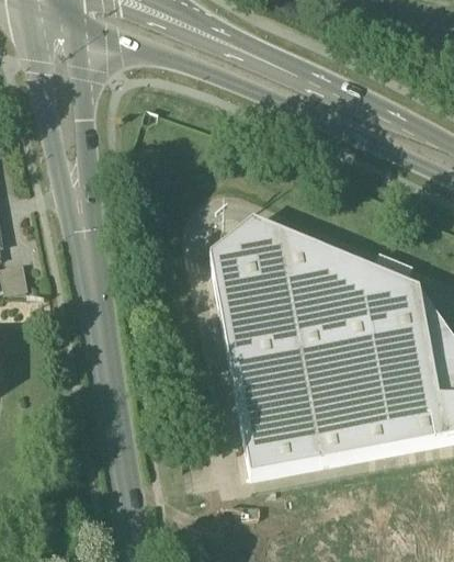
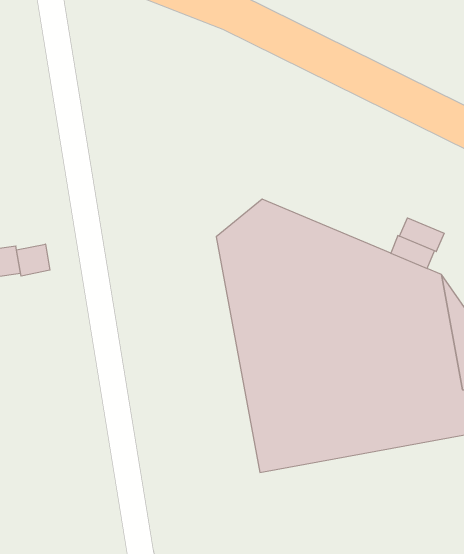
building: none -> [399,218,444,252]
building: none -> [17,244,50,276]

